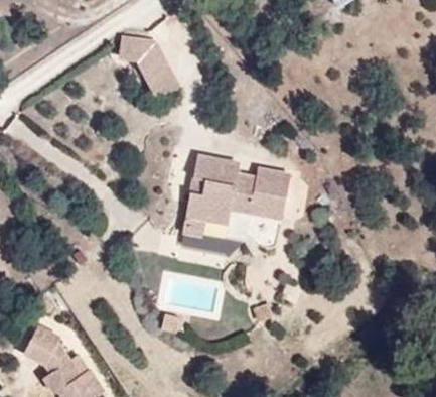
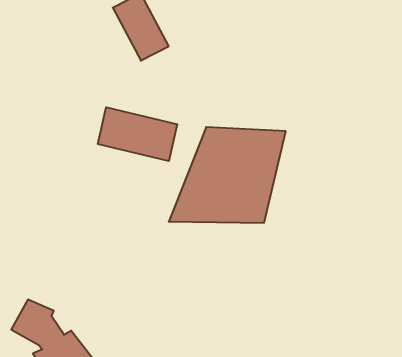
building: none -> [98,107,177,161]

